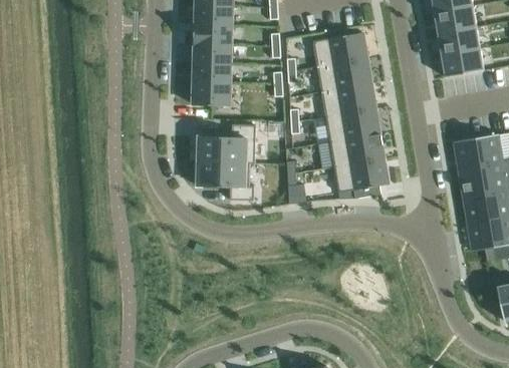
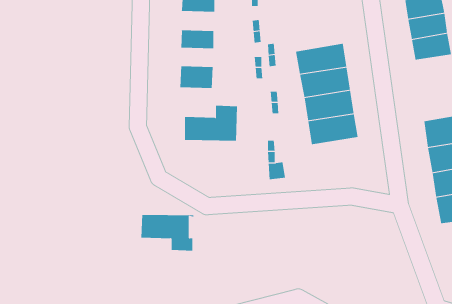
building: [194,24,232,45] -> none
building: [313,32,368,67] -> none
building: [195,63,231,83] -> none
building: [334,158,390,193] -> none
building: [198,161,255,201] -> [141,214,194,251]

